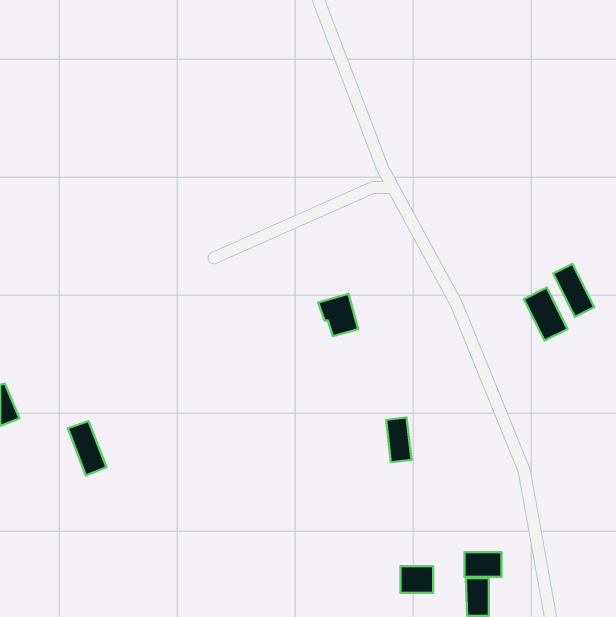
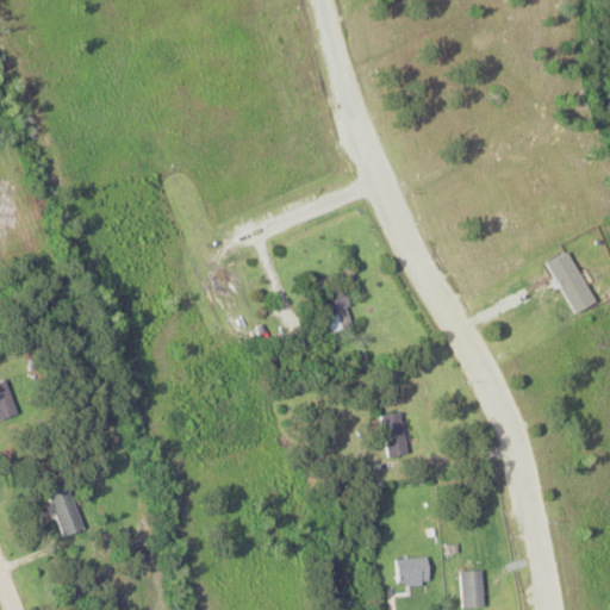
building: [524,288,568,341] -> none
building: [68,421,106,476] -> [45,483,83,536]
building: [465,552,501,577] -> none

